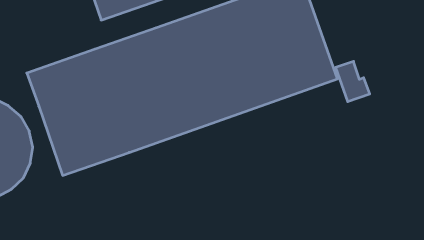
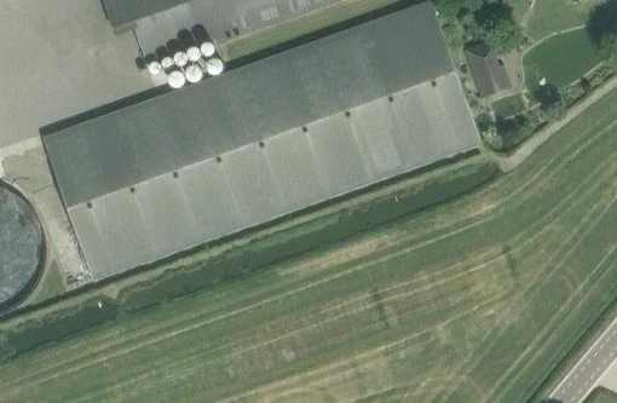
building: [336,61,370,102] -> [462,41,511,98]

